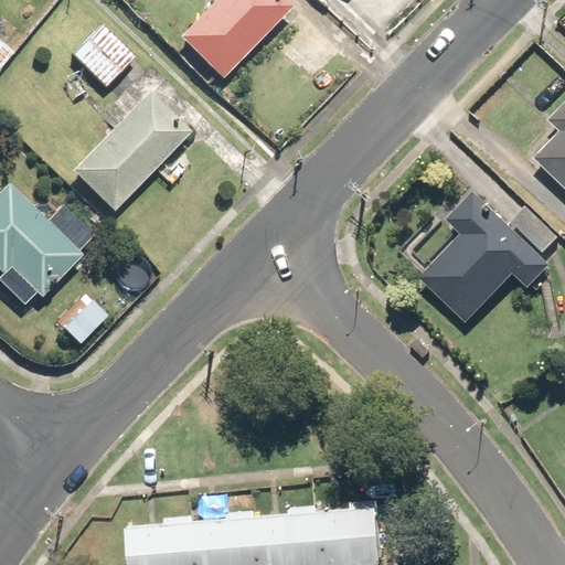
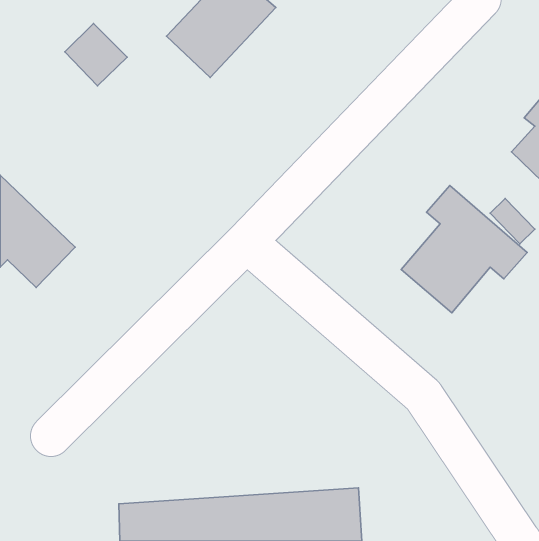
building: [68,93,189,214] -> none

